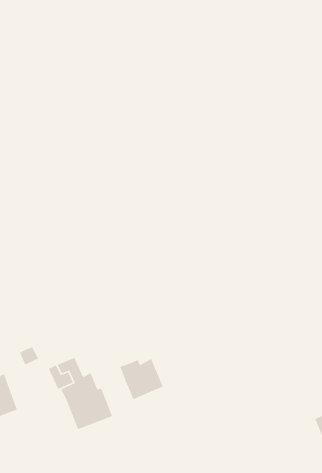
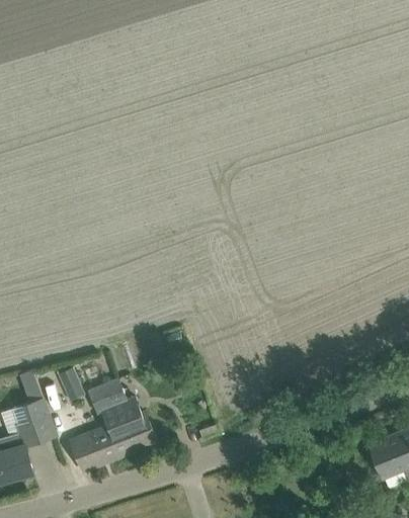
building: [119,358,164,400] -> none
building: none -> [70,426,118,470]

